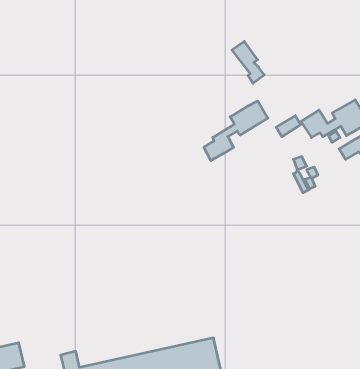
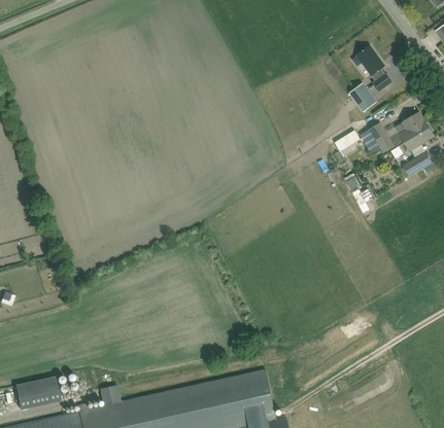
building: [232,41,264,83] -> [355,46,390,92]
building: none -> [348,83,376,112]
building: [204,101,268,161] -> none

